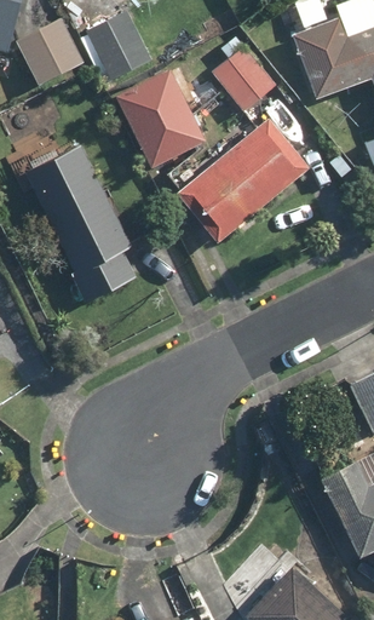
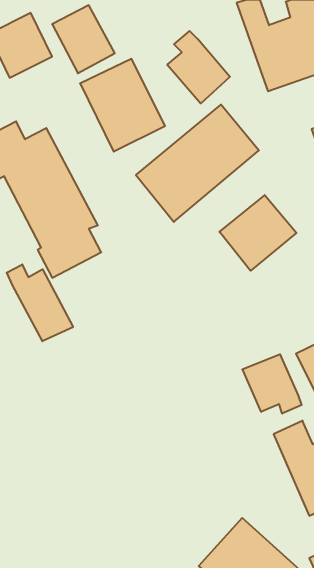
building: none -> [219,195,296,271]
building: none -> [7,264,73,341]
building: none -> [242,354,302,414]

